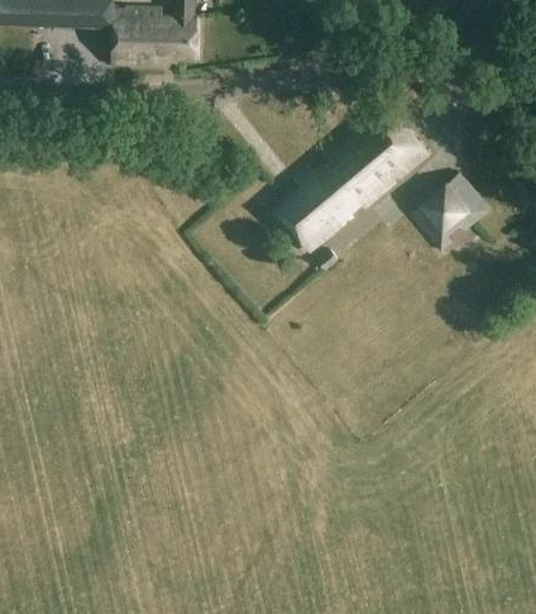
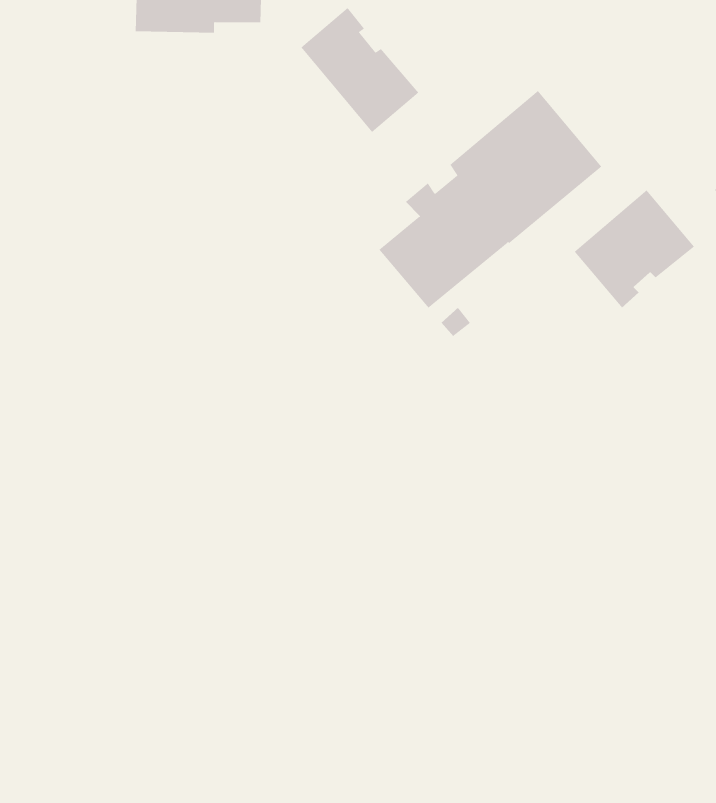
building: none -> [300,7,419,133]

